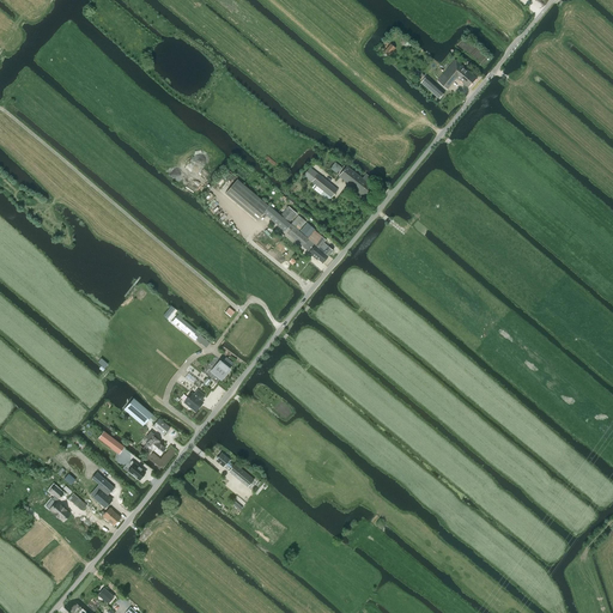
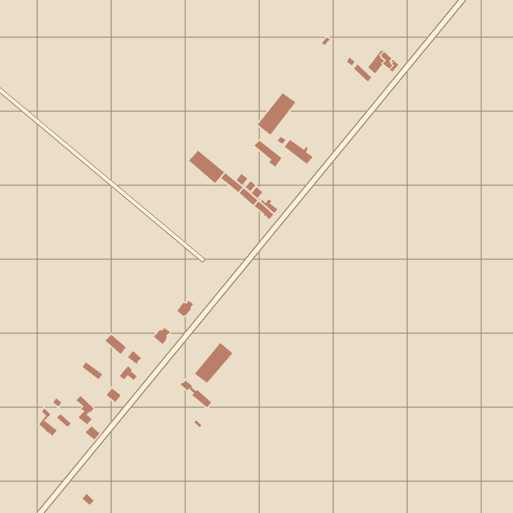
building: none -> [257,92,296,136]
building: none -> [194,342,233,384]

